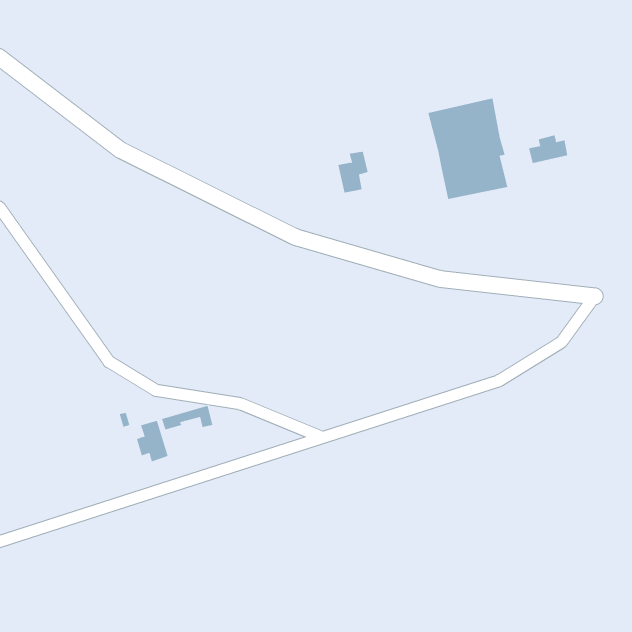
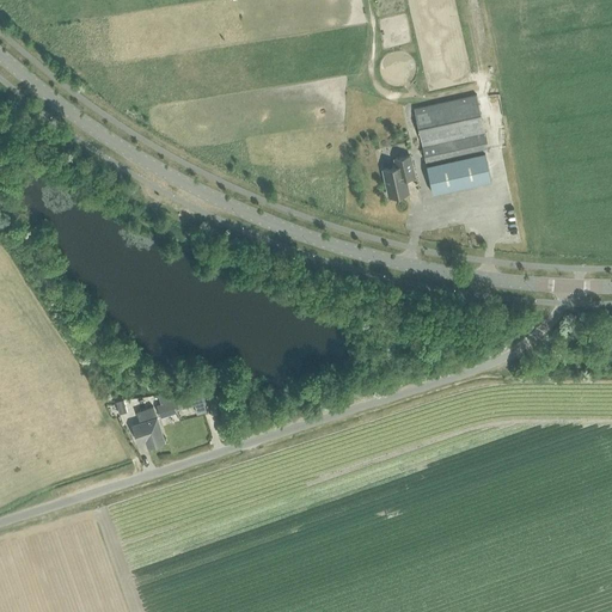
building: [528,135,568,164] -> none
building: [338,151,369,193] -> [382,157,412,197]

